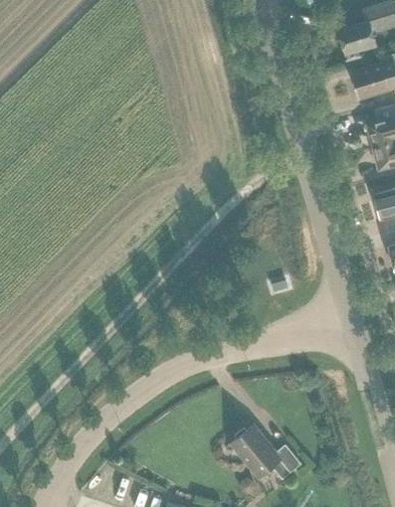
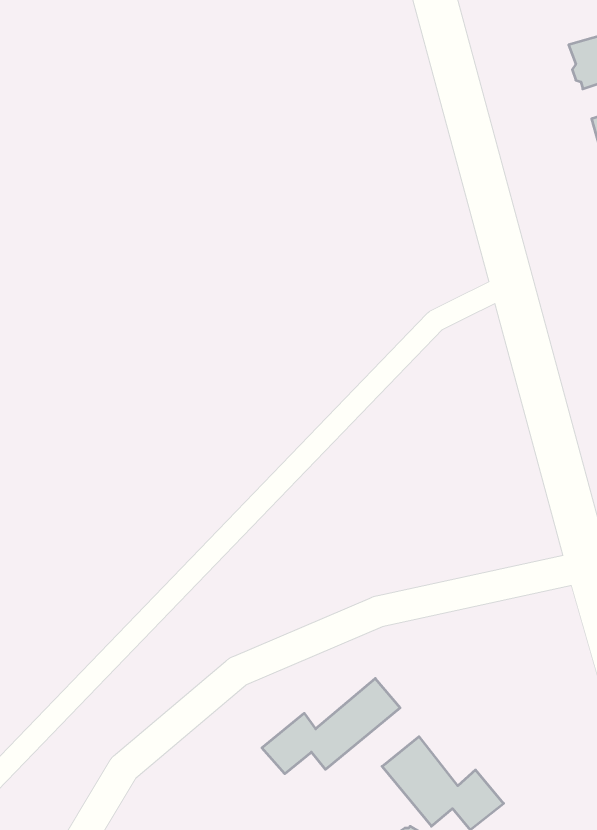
building: none -> [262,678,400,774]

